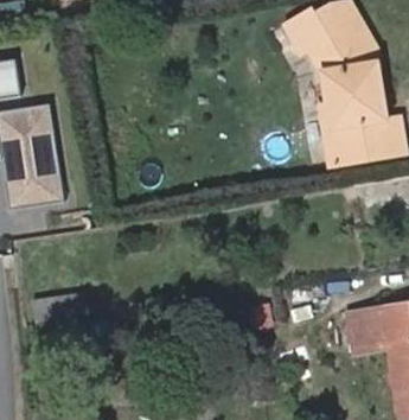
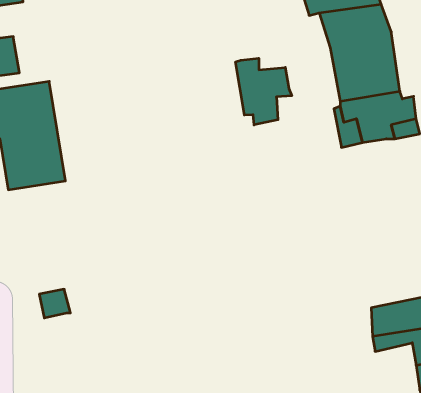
building: none -> [236,58,292,125]

